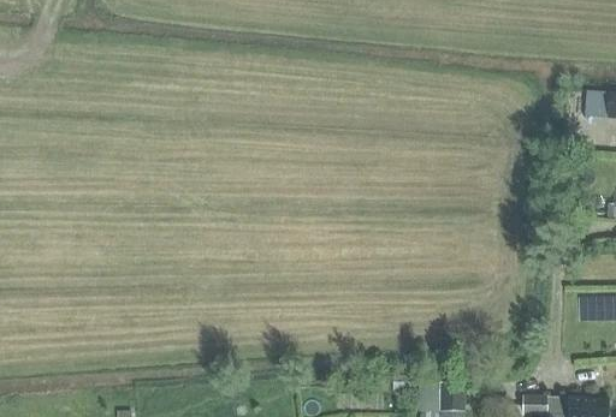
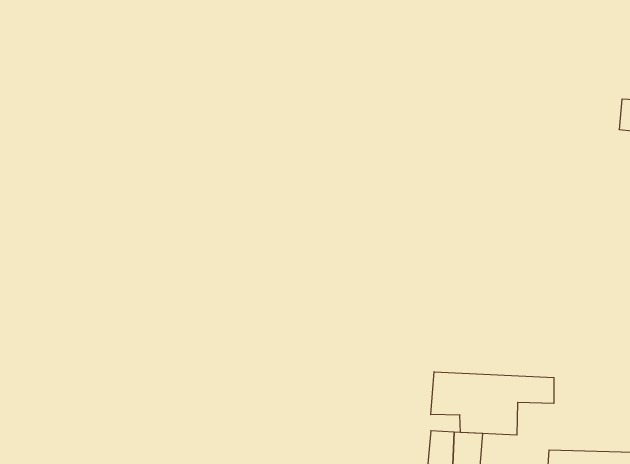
building: none -> [431,372,554,435]

